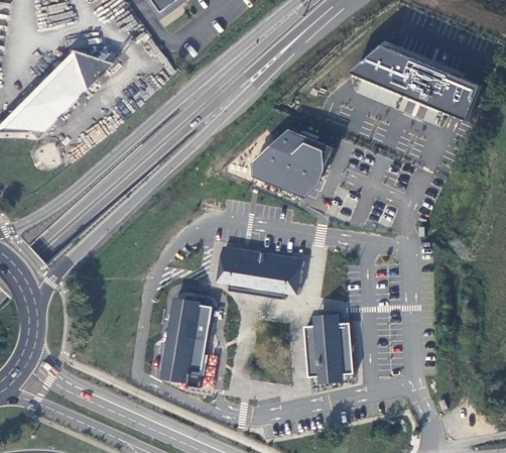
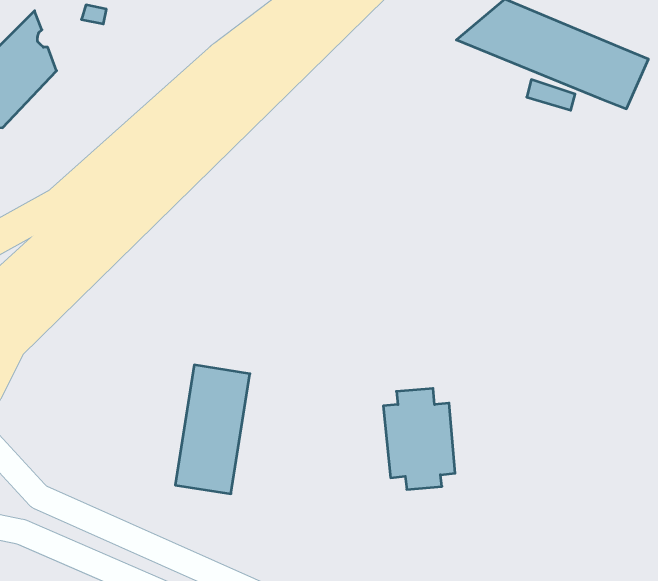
building: [64,51,104,94] -> none
building: [252,128,337,197] -> none
building: [216,245,303,297] -> none

